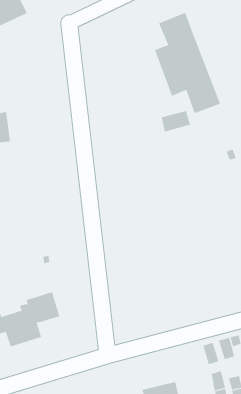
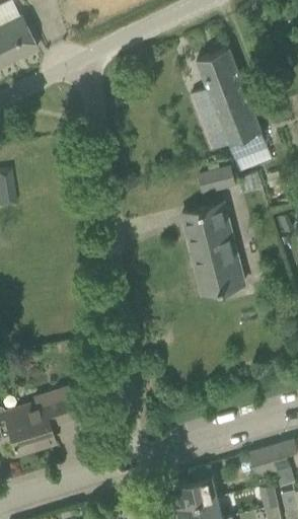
building: none -> [181,203,243,294]
building: none -> [173,465,217,507]

